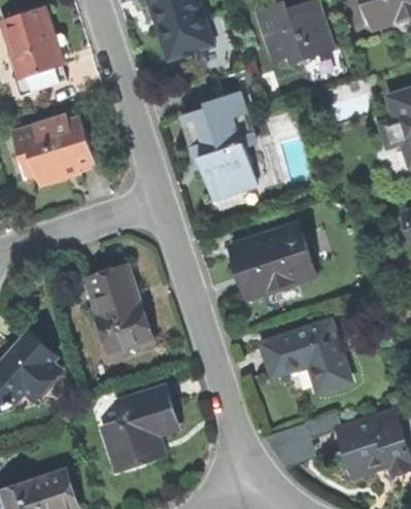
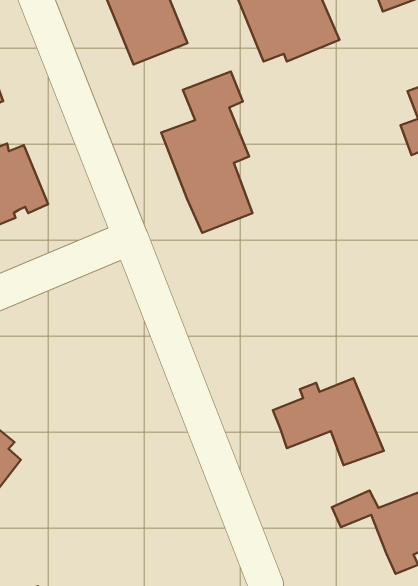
building: [230,225,313,299] -> none
building: [87,266,151,353] -> none
building: [103,387,176,469] -> none

